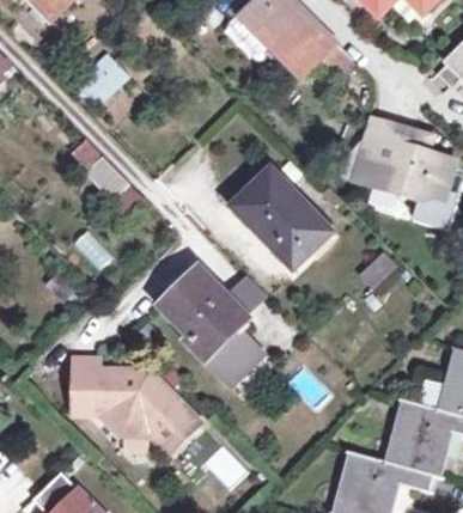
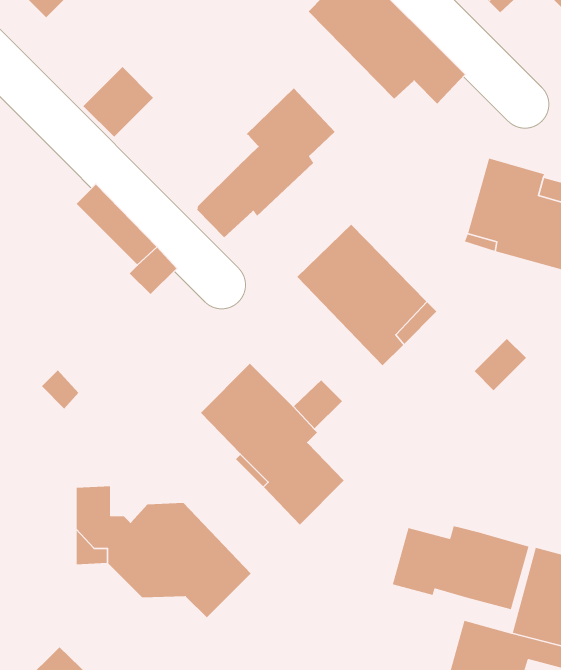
building: none -> [196,88,335,238]
building: none -> [392,525,530,610]

